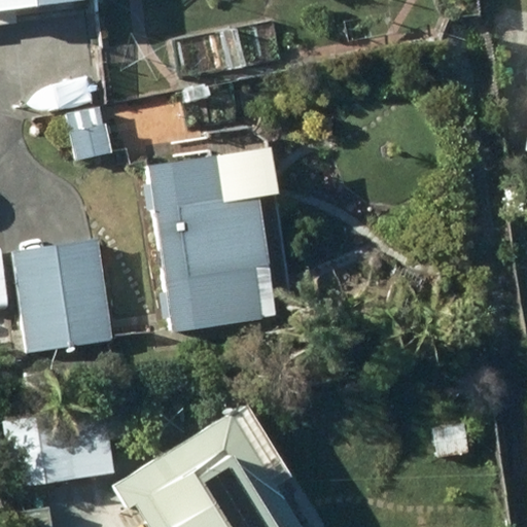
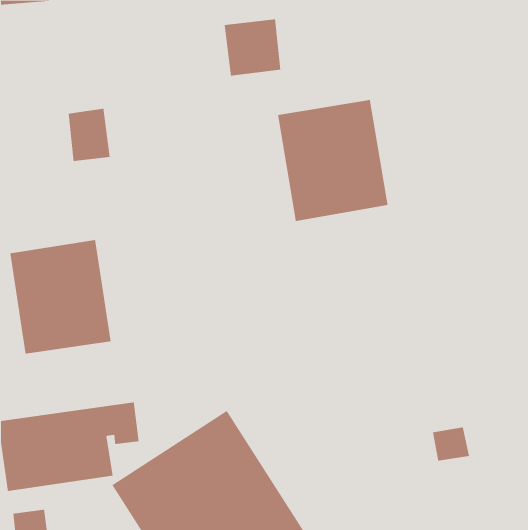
building: none -> [277,99,388,222]
building: [140,154,277,333] -> none

